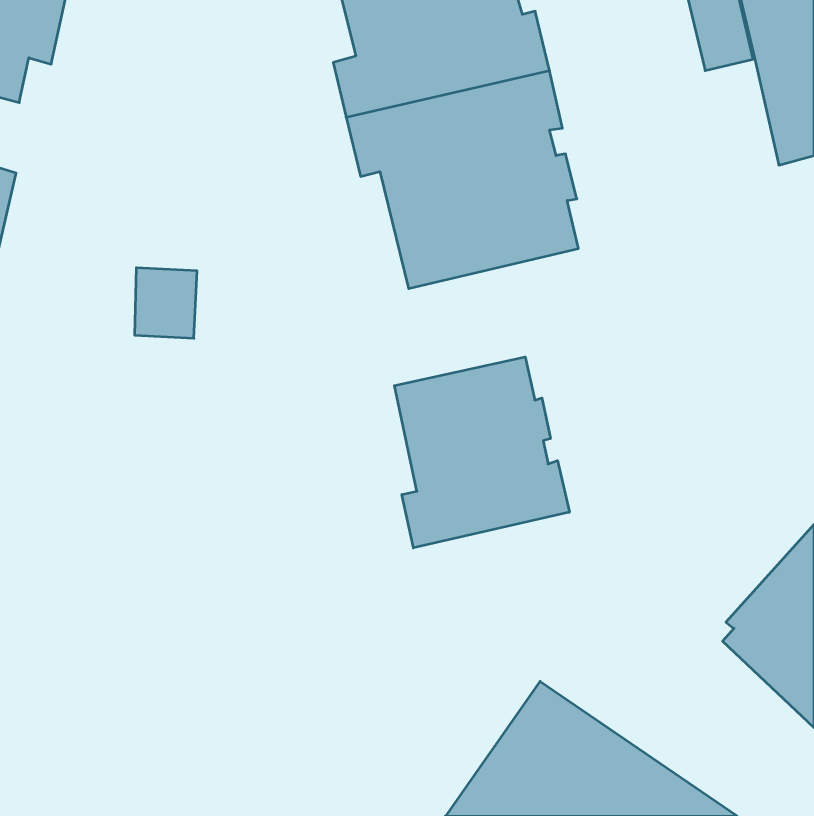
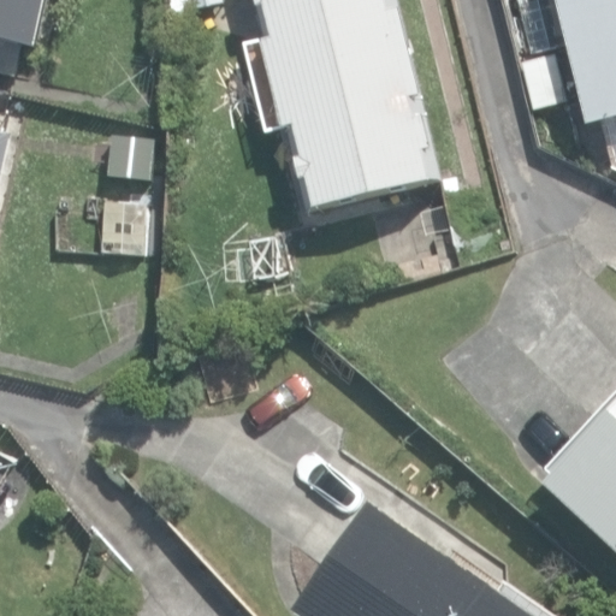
building: [394,357,569,548] -> none

